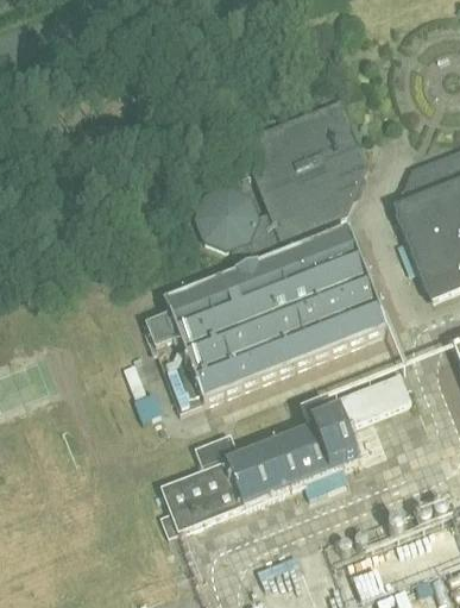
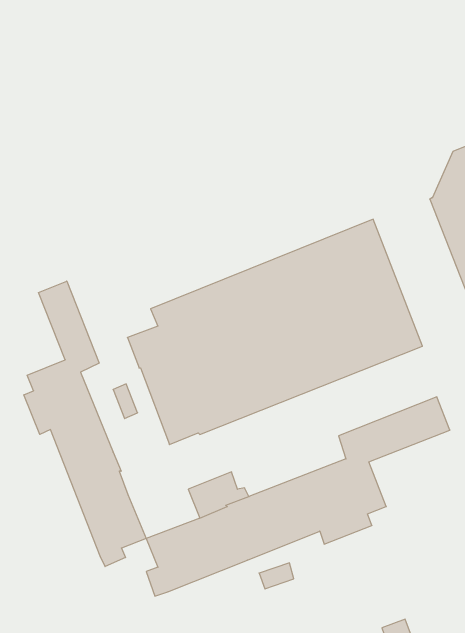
building: [194,95,368,258] -> none
building: none -> [24,281,146,567]

